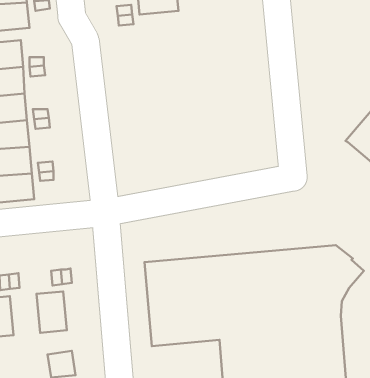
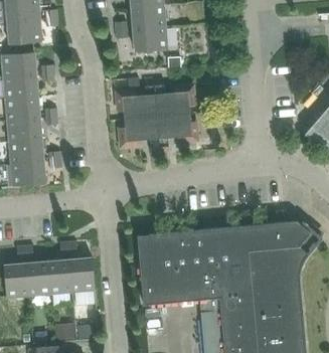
building: none -> [133,27,167,51]
building: none -> [117,79,197,153]
building: none -> [69,257,95,292]
building: none -> [25,261,50,296]

